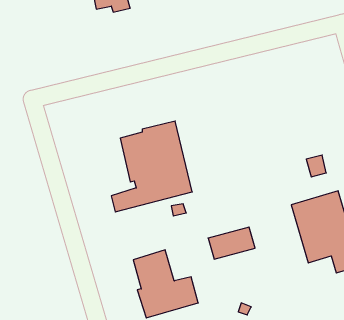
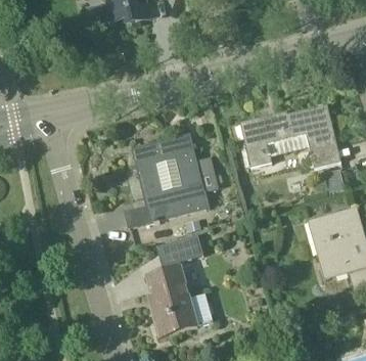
building: none -> [240,103,341,167]
building: [208,227,255,259] -> [156,233,204,266]

